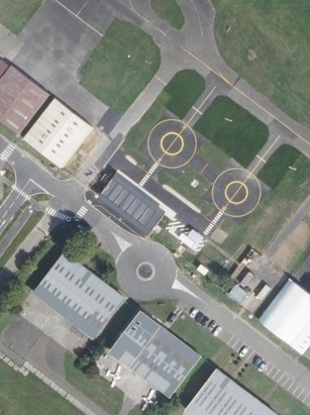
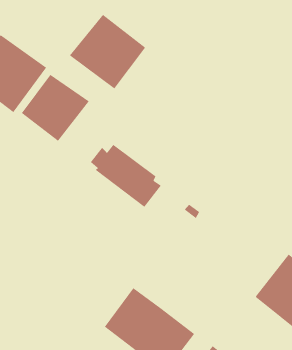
building: none -> [69,14,146,89]
building: [34,252,124,338] -> none

